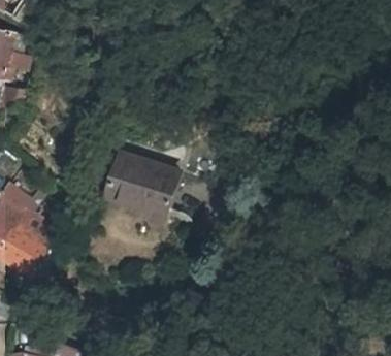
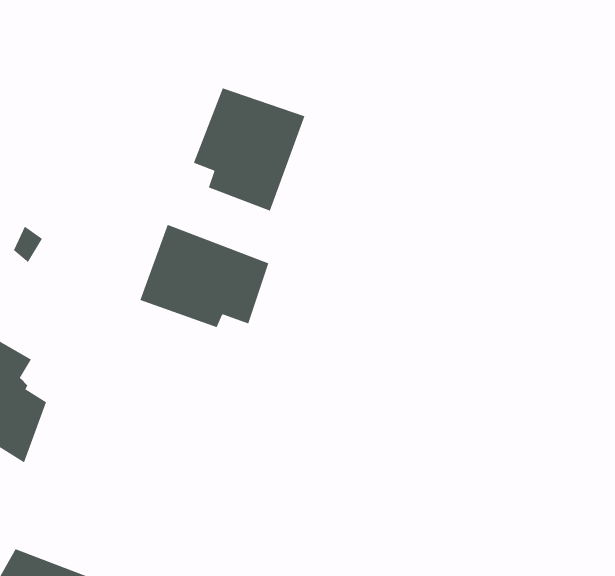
building: none -> [193,88,305,211]

